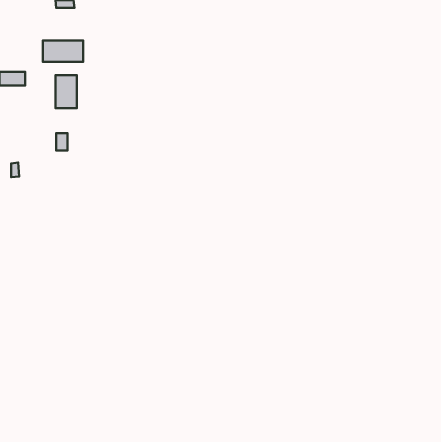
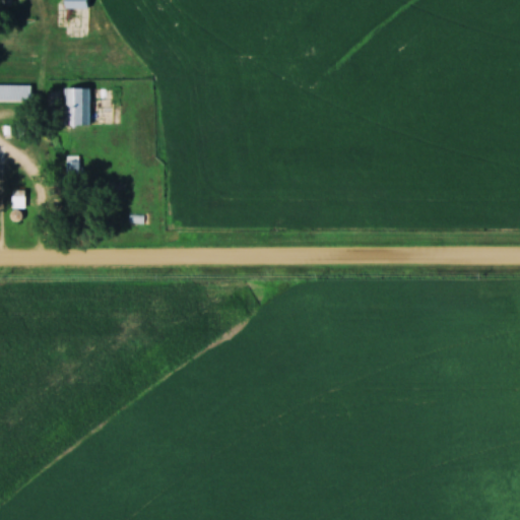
building: [43,40,83,62] -> none

